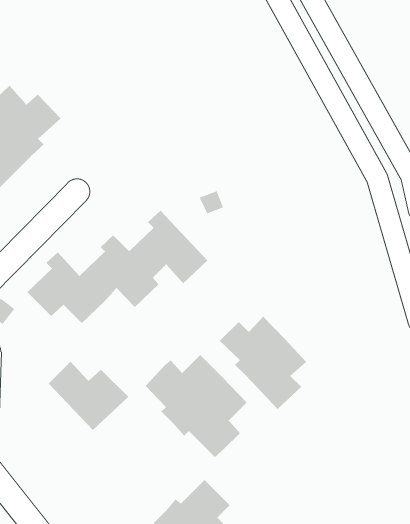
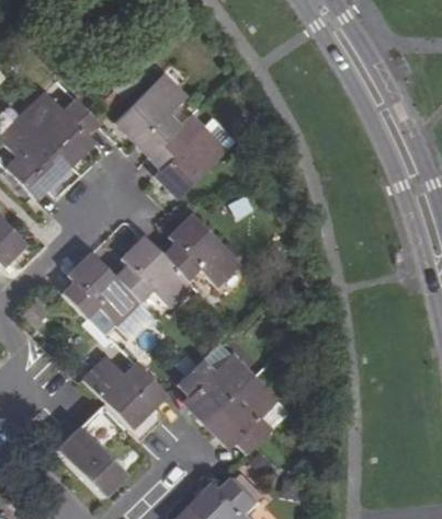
building: none -> [115,72,227,195]
building: [219,316,307,410] -> none
building: none -> [55,404,125,496]

